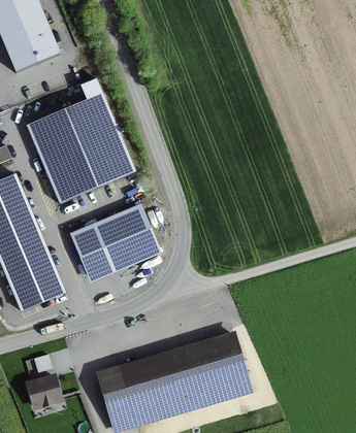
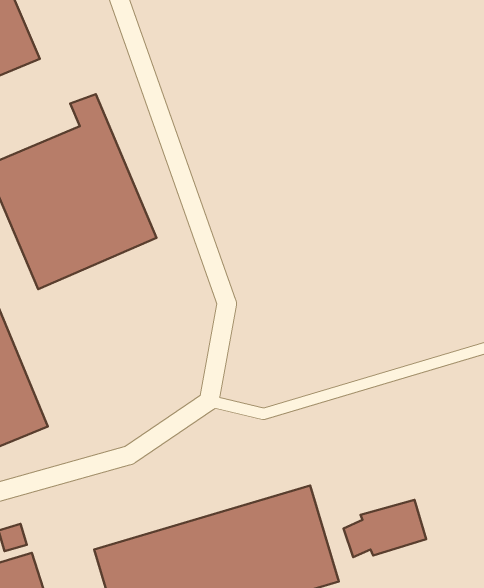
building: [69,202,161,281] -> none
building: none -> [343,500,426,557]

